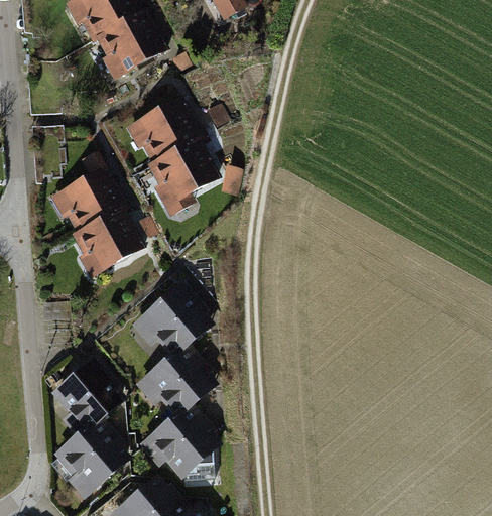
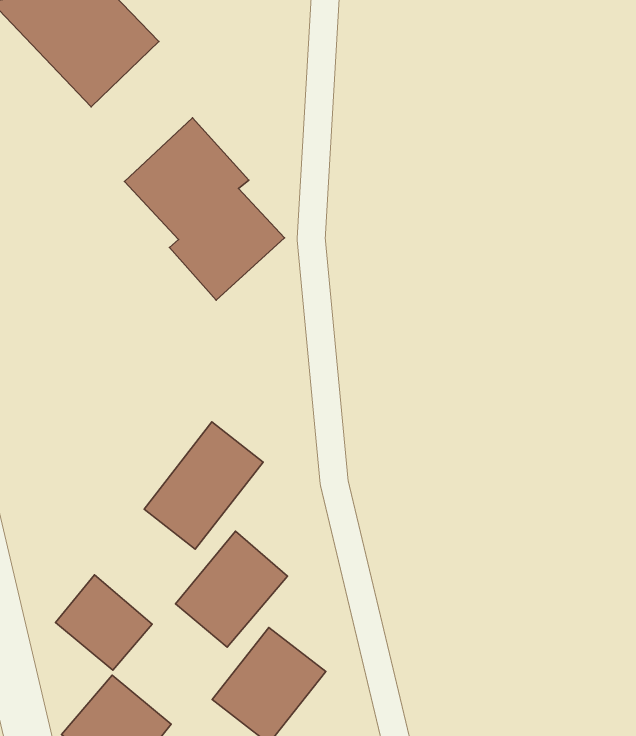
building: [58,168,150,280] -> none

